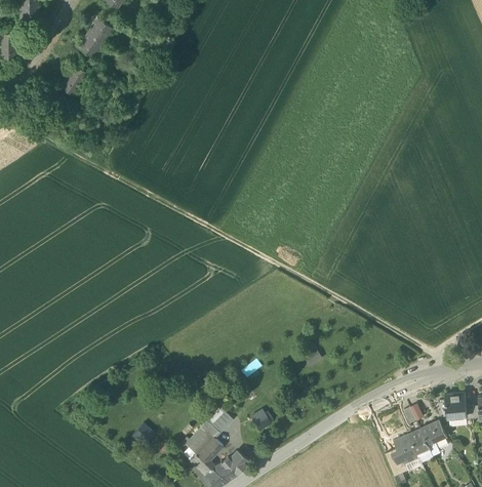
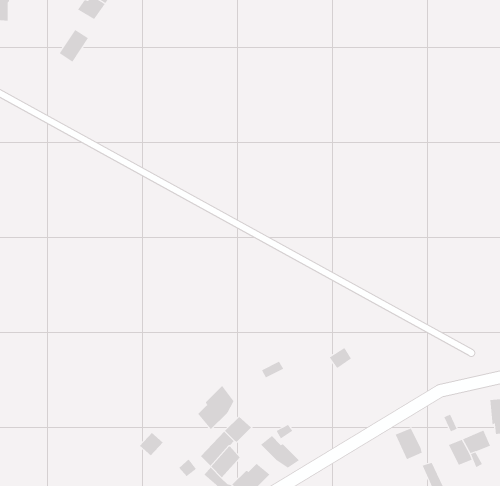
building: none -> [197,385,234,430]
building: none -> [260,435,300,468]
building: [394,435,418,463] -> [395,428,423,460]

